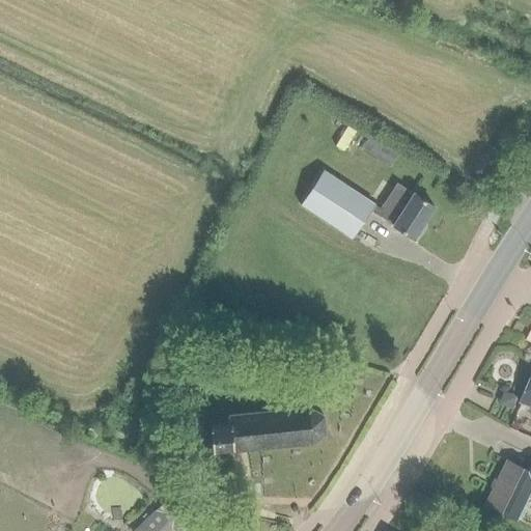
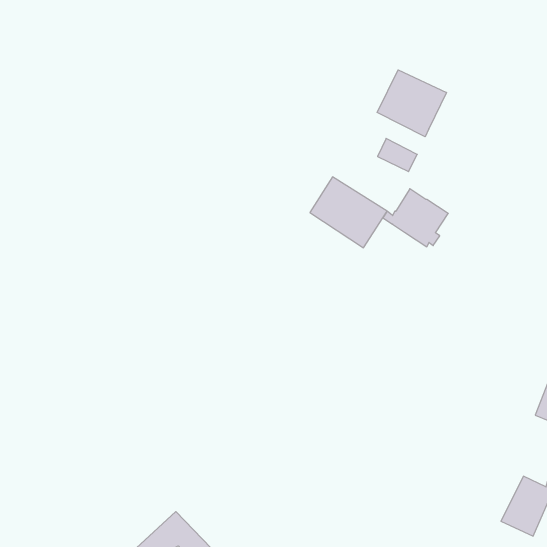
building: none -> [377,70,446,137]
building: [211,408,326,451] -> none

